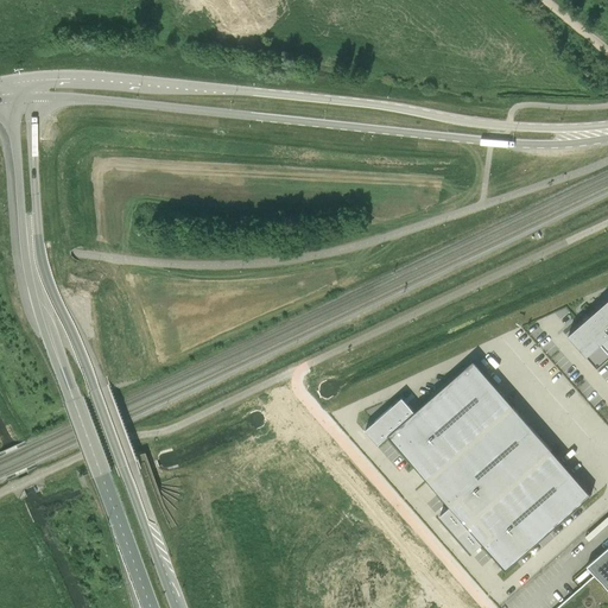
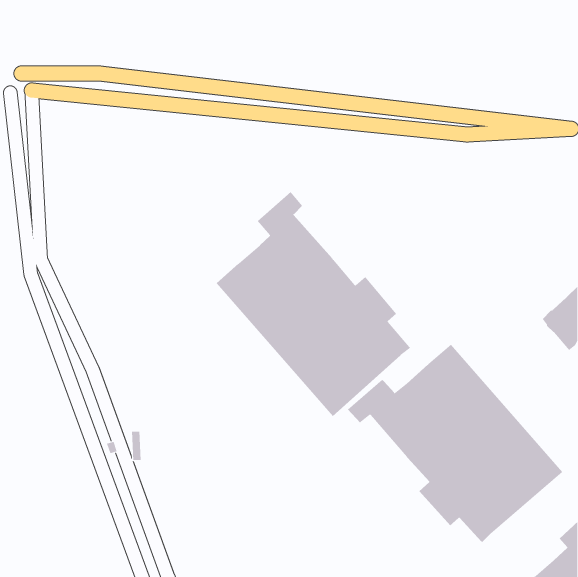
building: none -> [216,191,411,417]

